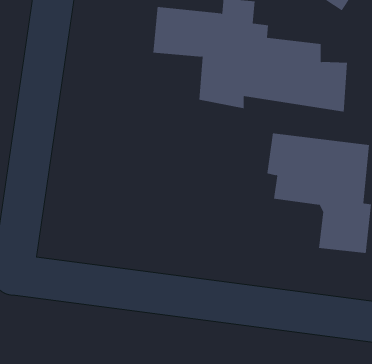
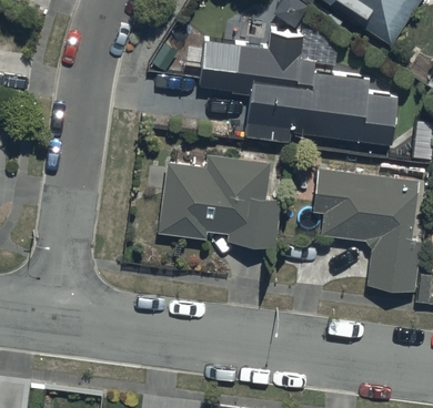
building: none -> [159,156,282,251]

